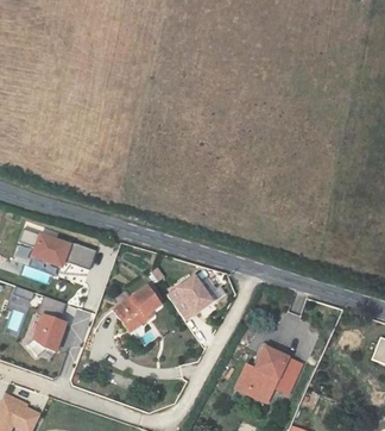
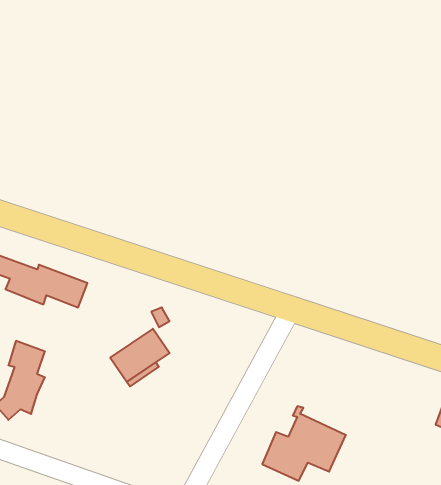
building: [171,274,215,318] -> none

